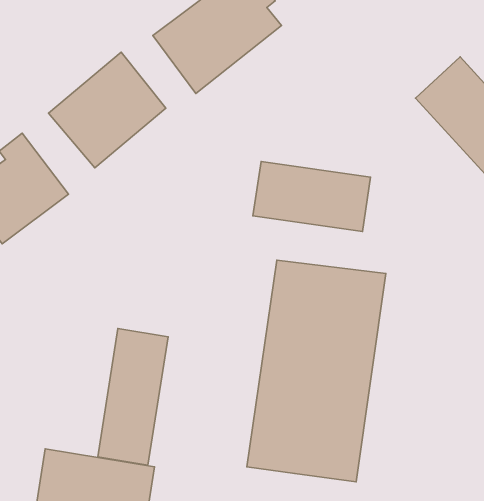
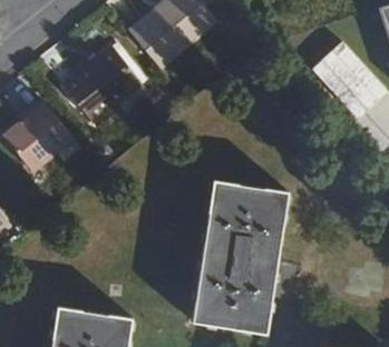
building: [253,162,371,231] -> none
building: [98,328,168,465] -> none

